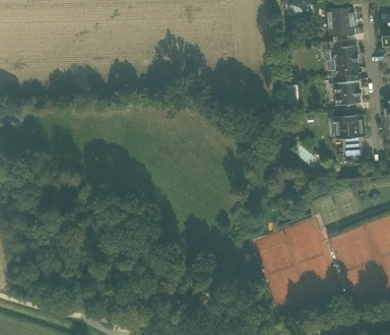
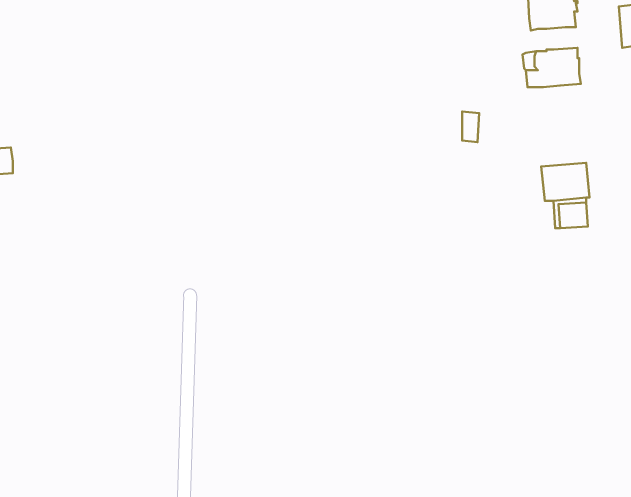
building: [334,80,361,106] -> none

